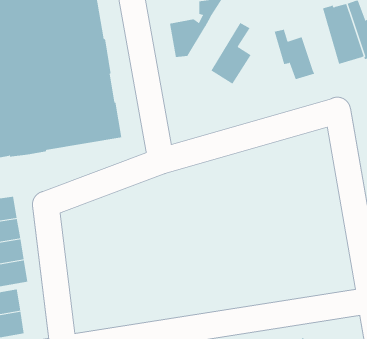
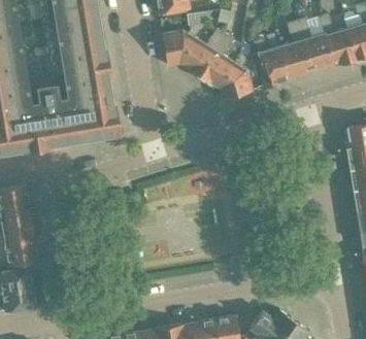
building: none -> [278,22,310,77]
building: none -> [178,30,224,76]
building: none -> [218,55,252,101]

